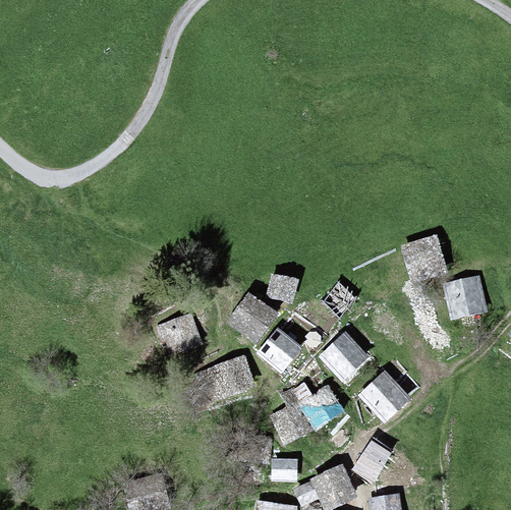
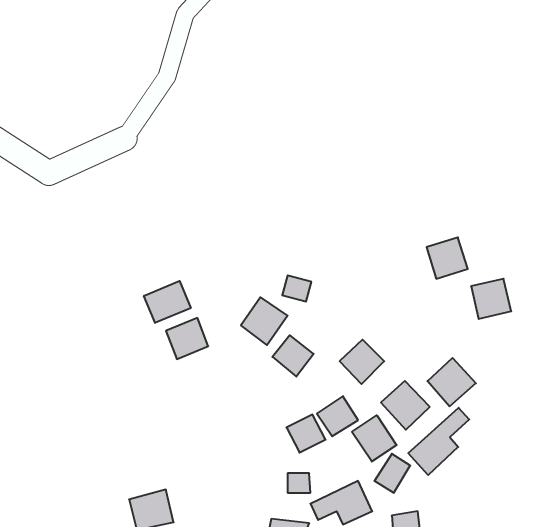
building: none -> [144,281,191,323]
building: none -> [427,358,476,406]
building: [201,357,252,398] -> none
building: none -> [408,408,469,475]
building: none -> [352,415,397,462]

